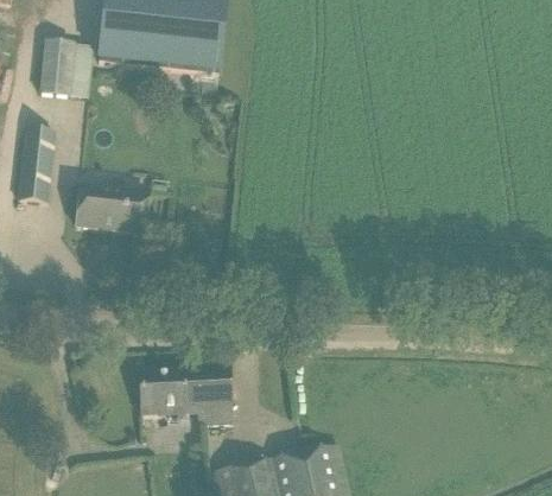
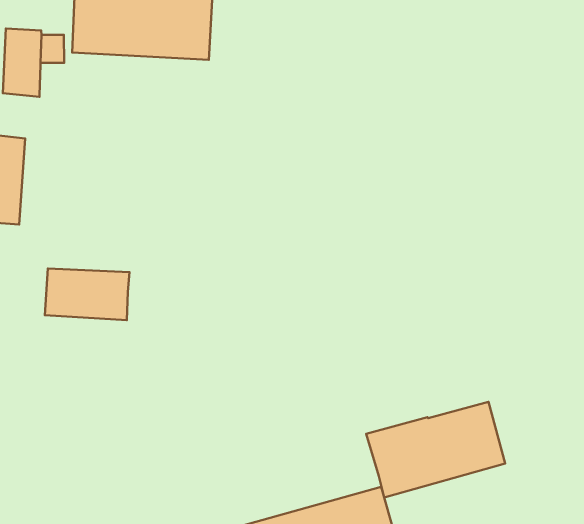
building: [76,184,150,231] -> [45,269,130,320]
building: [140,367,234,424] -> none
building: none -> [366,402,505,497]

